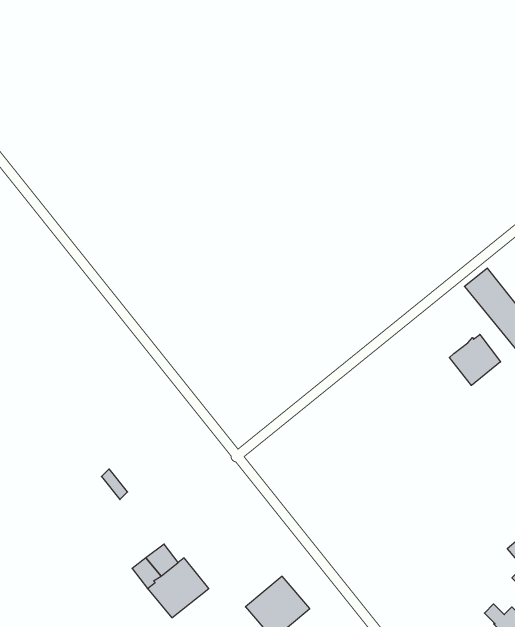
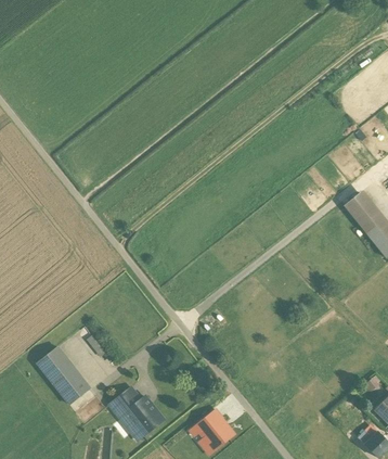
building: [449,334,501,385] -> none
building: none -> [37,346,90,404]

